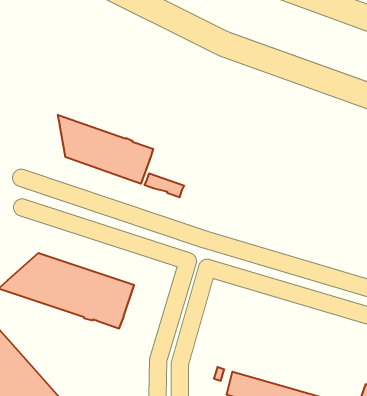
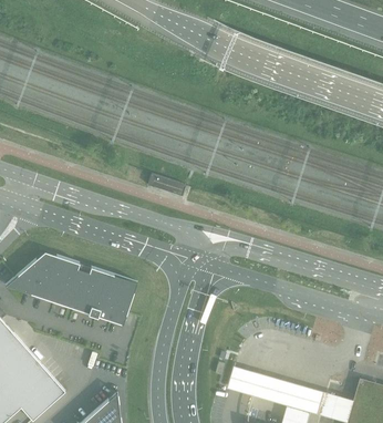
building: [58,115,153,184] -> none

